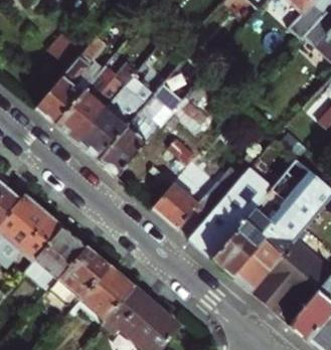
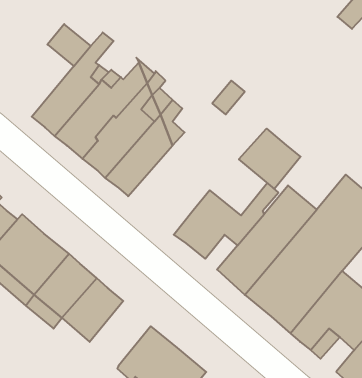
building: none -> [239,129,301,189]
building: [82,265,135,319] -> none

